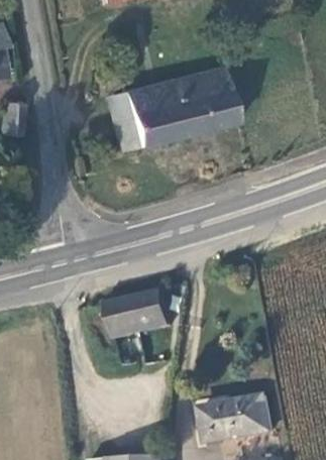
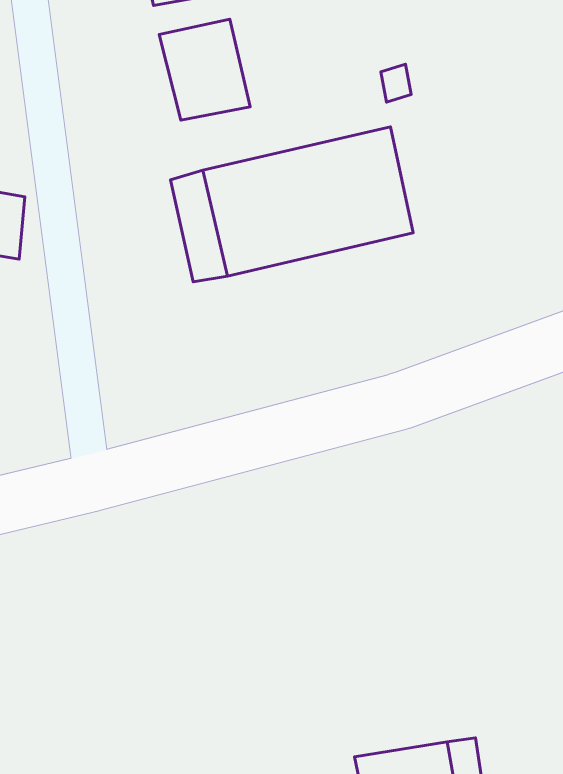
building: none -> [159,19,250,120]
building: [109,285,172,334] -> none

